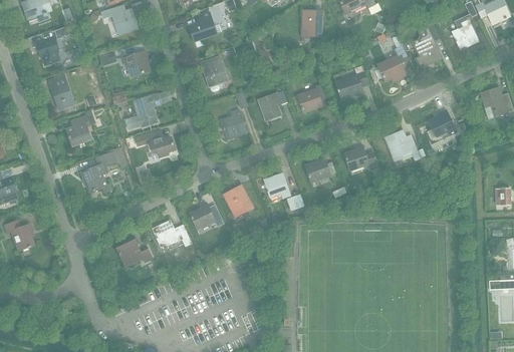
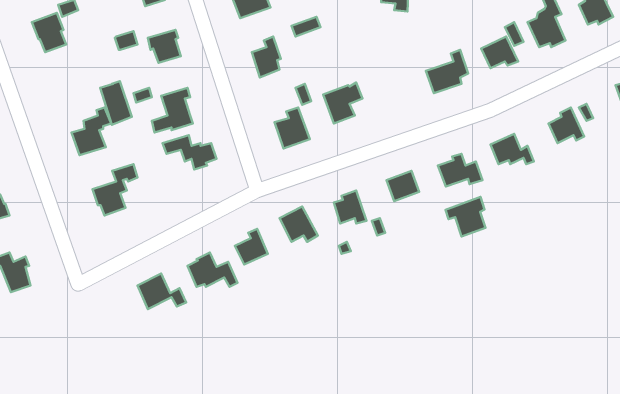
building: [49,75,73,108] -> [100,81,132,125]
building: [296,83,326,112] -> none
building: none -> [445,197,485,236]

